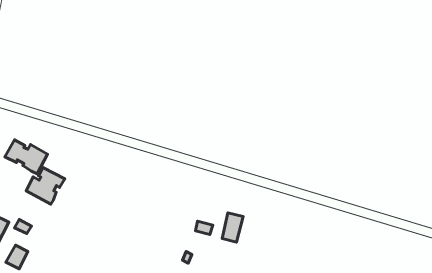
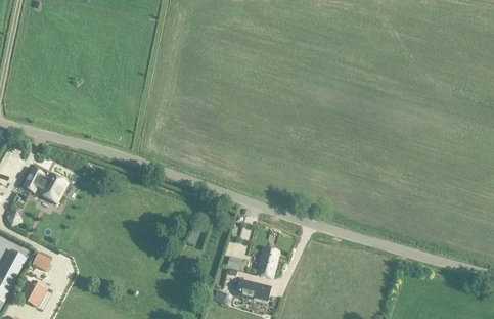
building: [26,168,65,204] -> none
building: none -> [236,278,270,300]

